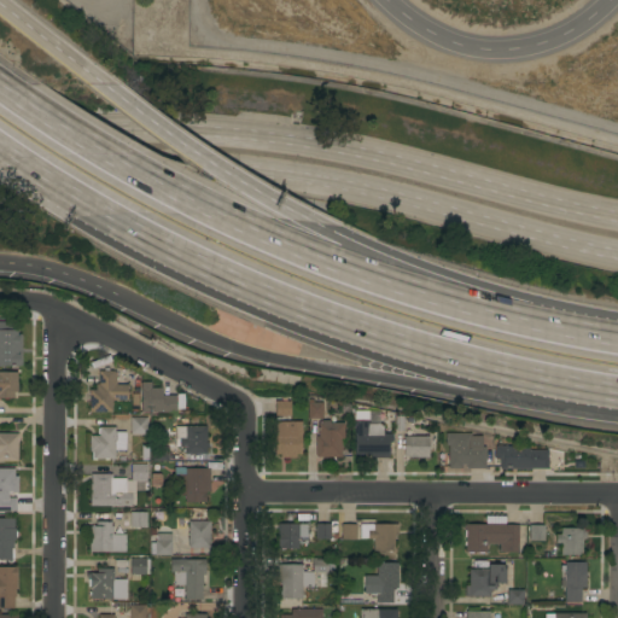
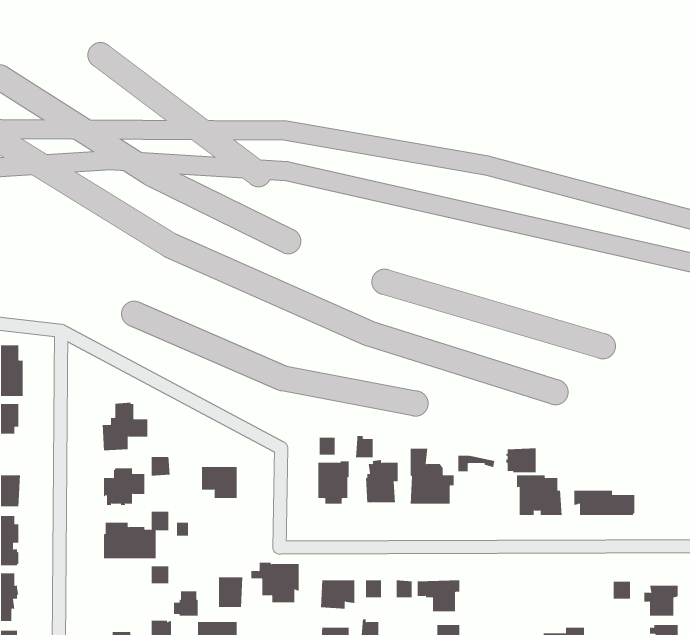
building: [142,381,177,413] -> none
building: [403,436,430,457] -> [506,448,536,473]
building: [168,467,210,502] -> [250,562,299,603]
building: [465,517,519,553] -> none
building: [91,521,127,552] -> none

